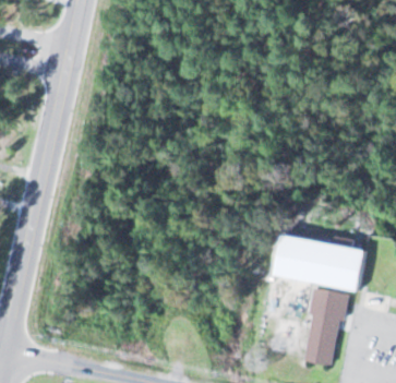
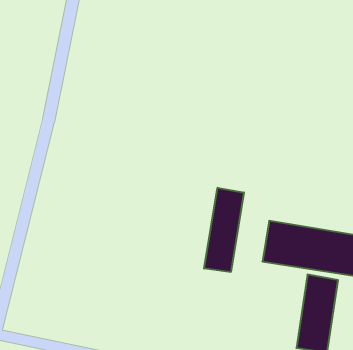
building: none -> [204,188,244,272]

